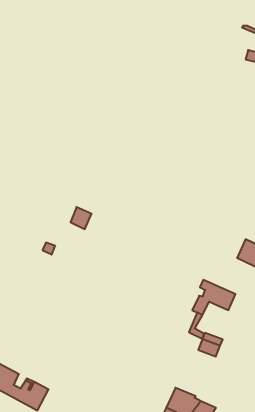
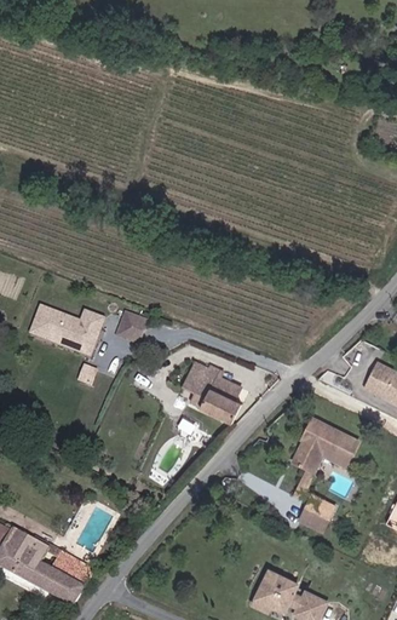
building: none -> [34,292,107,352]
building: none -> [179,355,238,415]

